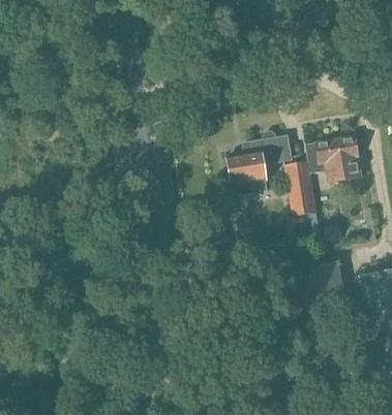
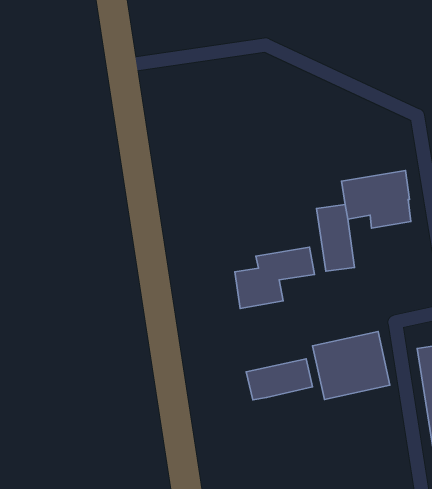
building: [230,136,293,185] -> [235,247,315,309]
building: none -> [246,359,313,400]

